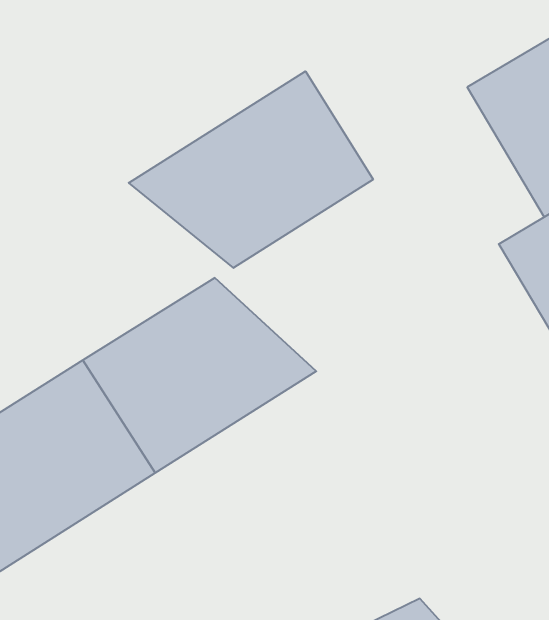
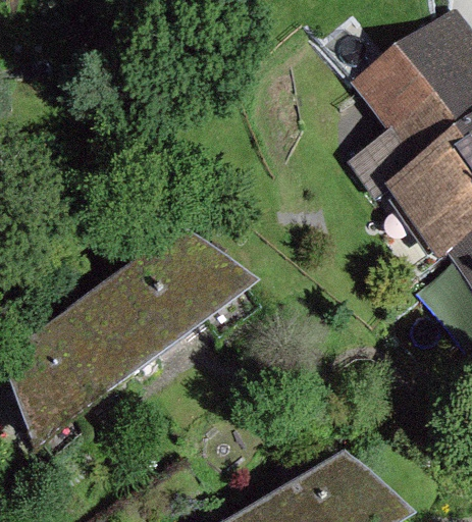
building: [129,71,373,268] -> none

